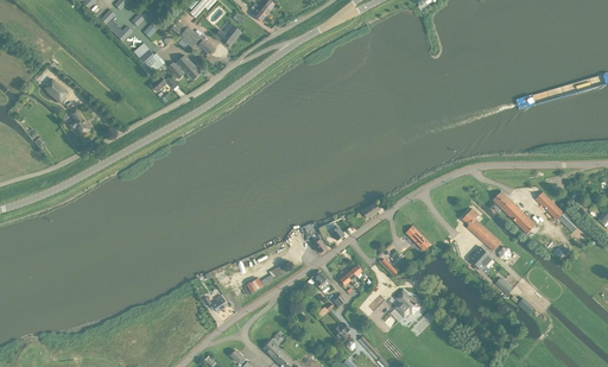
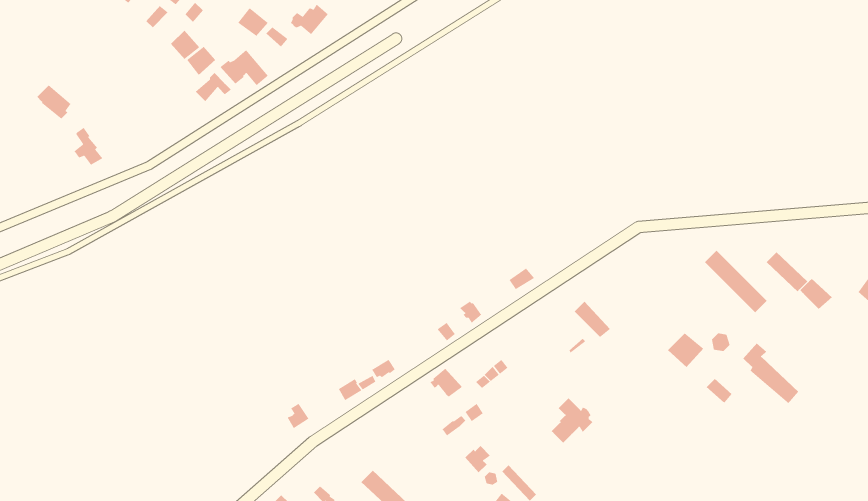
building: [462,208,500,249] -> [743,343,799,404]

